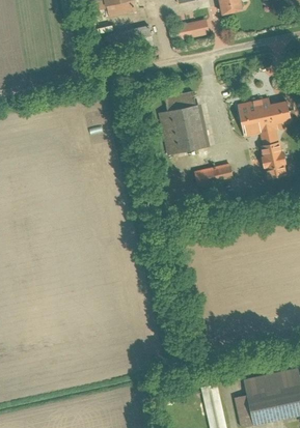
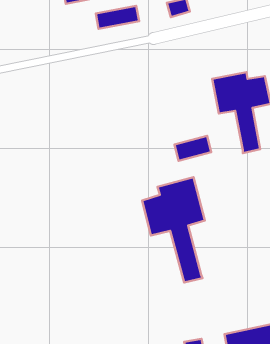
building: [157,90,208,159] -> none
building: none -> [142,177,205,282]

